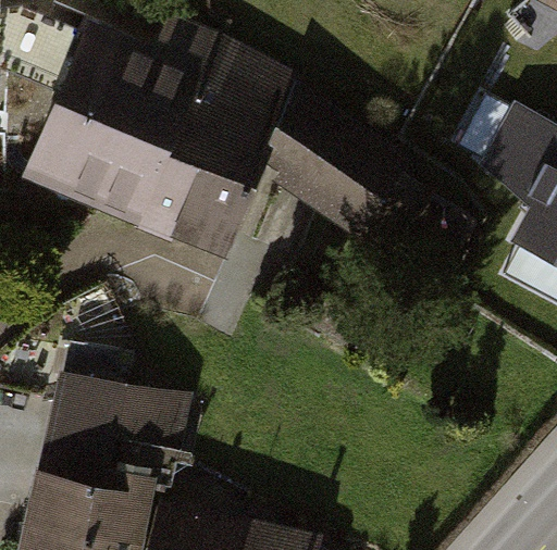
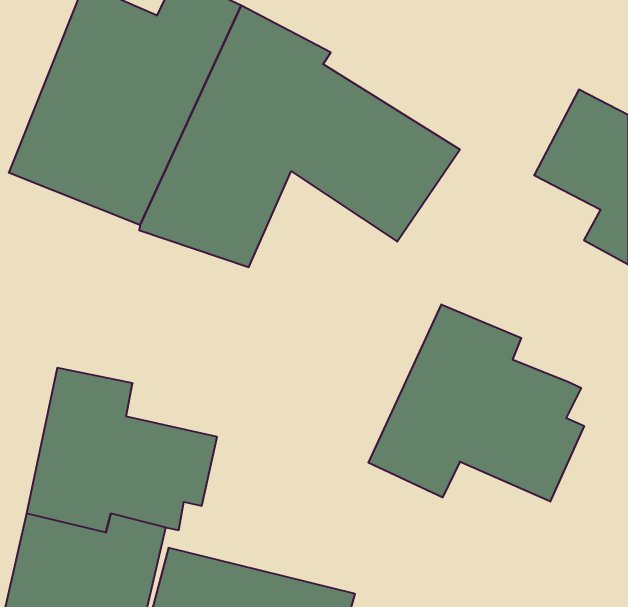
building: none -> [368,304,584,502]

